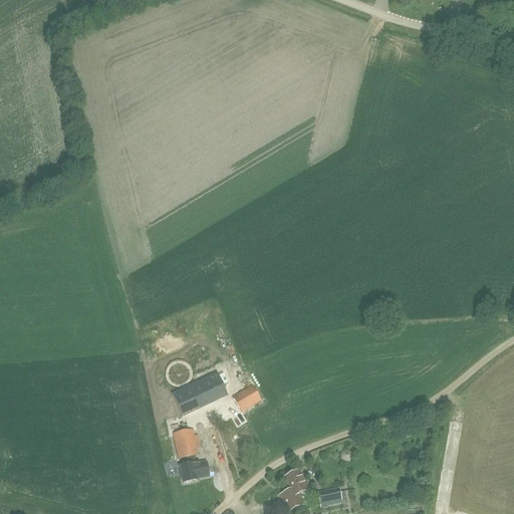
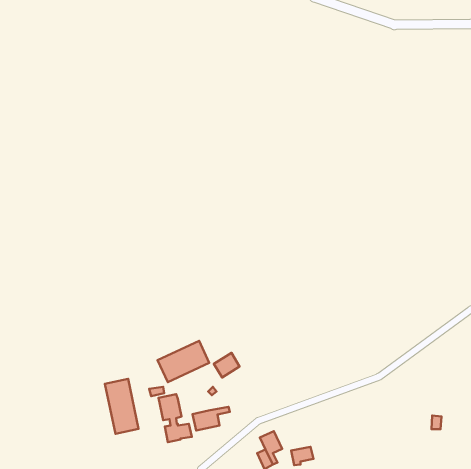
building: none -> [105,379,139,434]
building: none -> [193,407,230,430]

